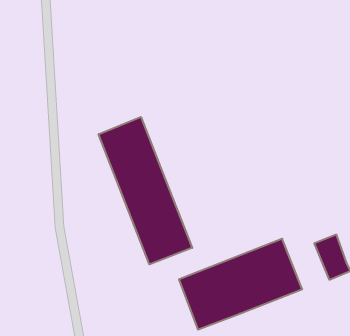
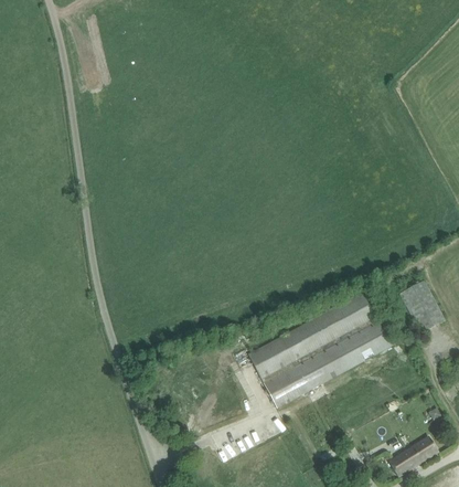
building: [99,117,192,264] -> none

